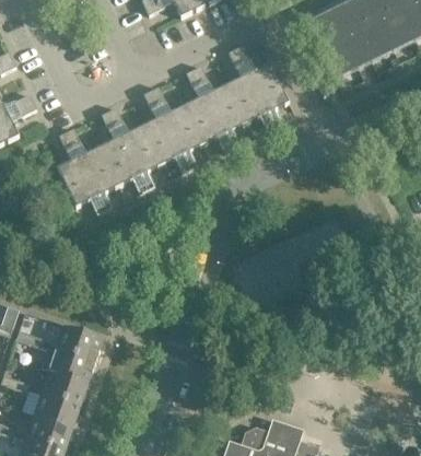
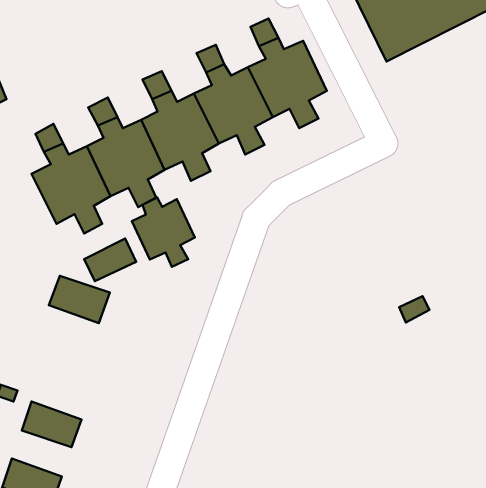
building: none -> [132,197,195,267]
building: none -> [84,239,136,281]
building: [56,324,104,361] -> [49,276,110,323]
building: [40,370,87,406] -> none

